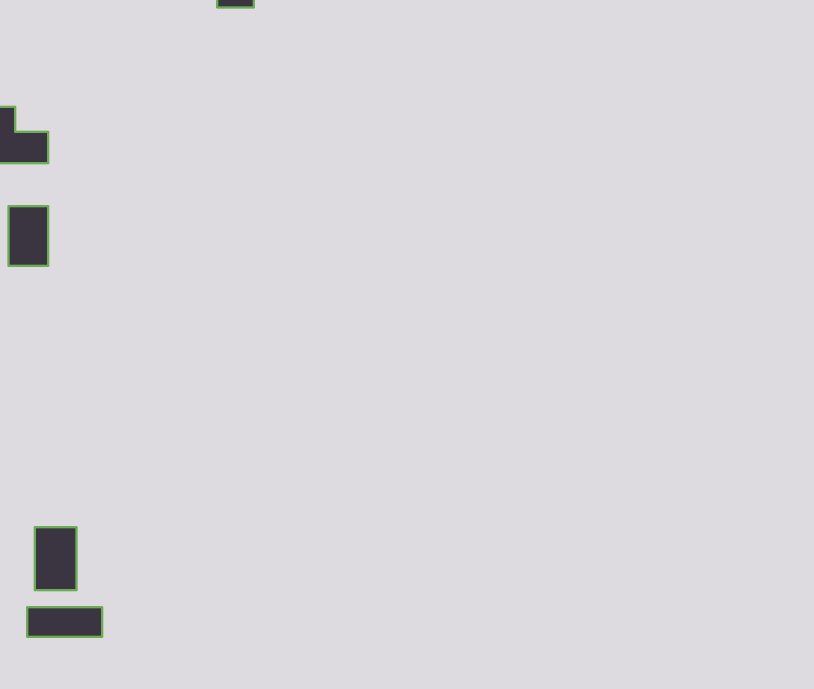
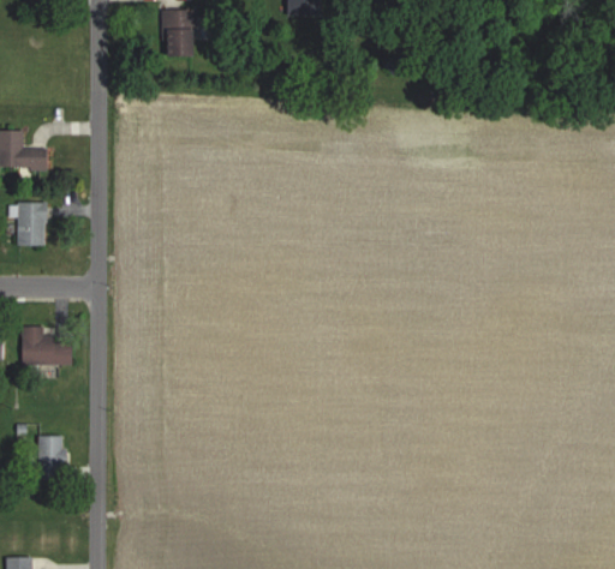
building: none -> [20,325,72,365]
building: [27,607,102,637] -> none

